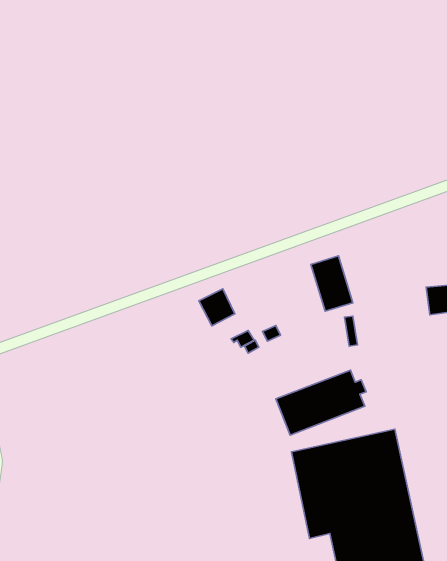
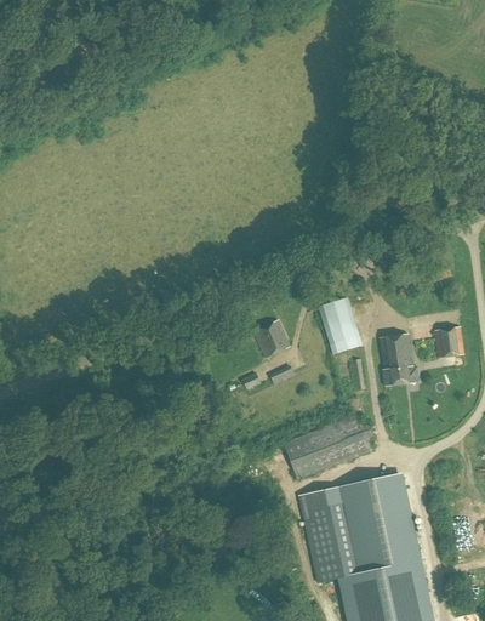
building: [199,289,235,326] -> [253,320,290,358]
building: none -> [380,334,420,386]

